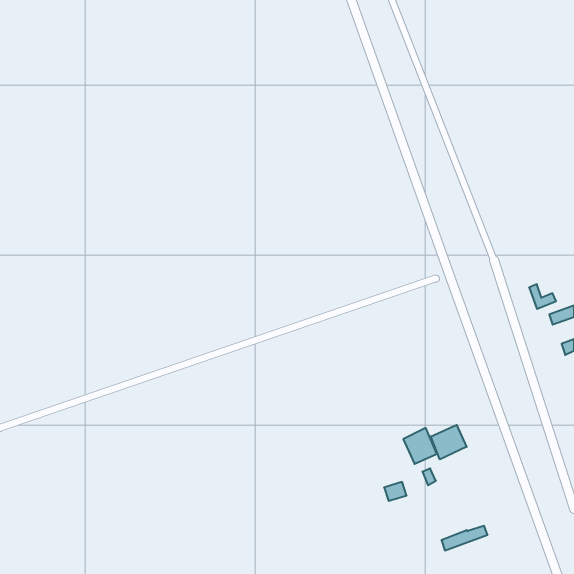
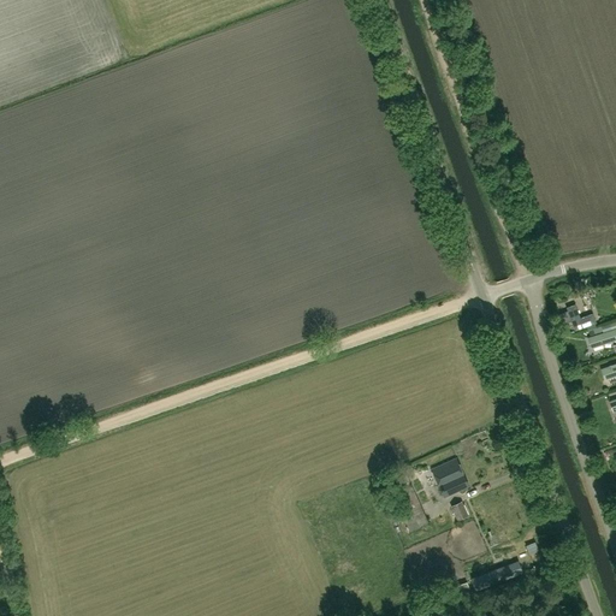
building: [431,425,467,459] -> none

